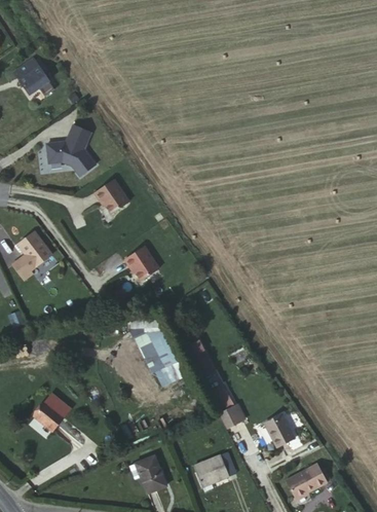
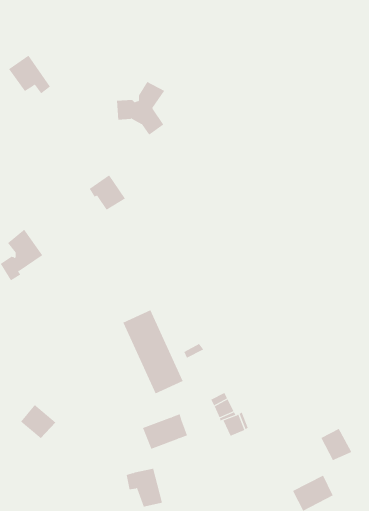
building: [49,125,96,177] -> [116,81,165,135]
building: [124,244,159,279] -> none
building: [265,412,295,443] -> [321,428,352,461]
building: [193,451,236,485] -> [142,414,188,450]

